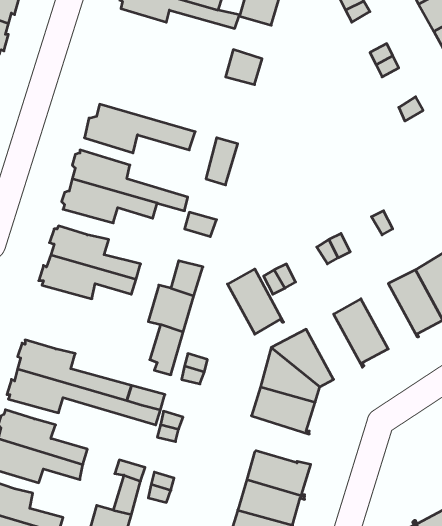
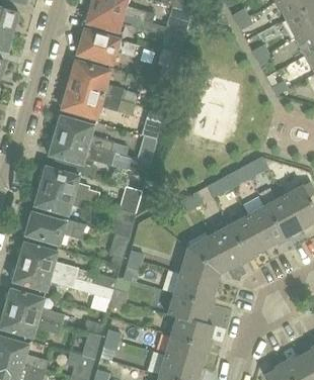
building: none -> [78,30,137,64]
building: none -> [72,62,140,104]
building: [227,269,284,334] -> [211,225,248,269]
building: none -> [247,205,285,249]
building: none -> [24,213,86,245]
building: none -> [168,293,213,324]

